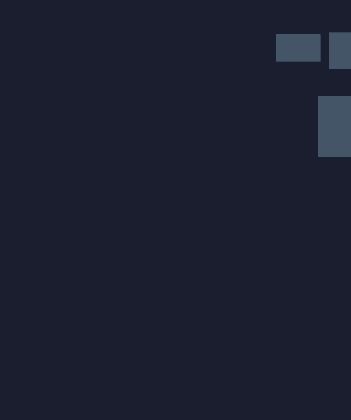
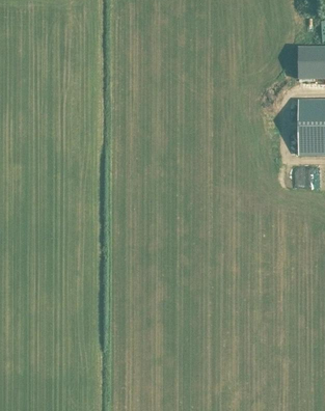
building: [275,33,321,62] -> none

